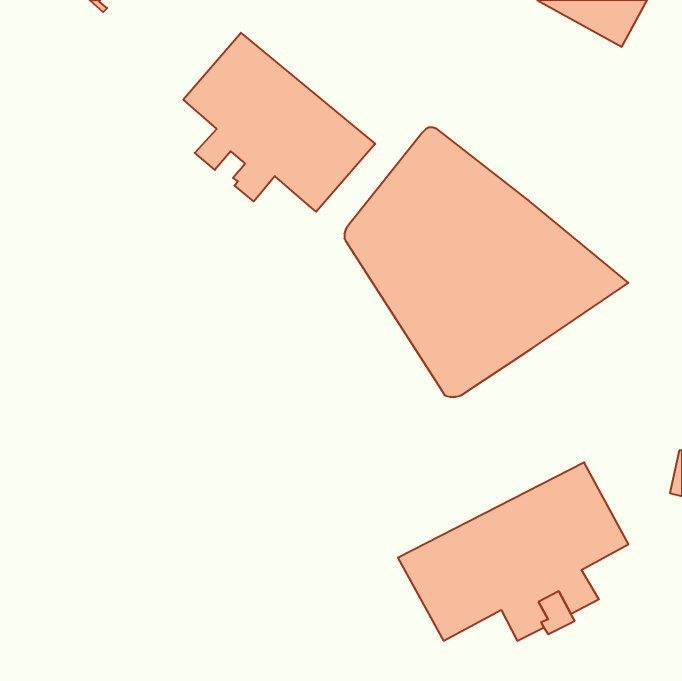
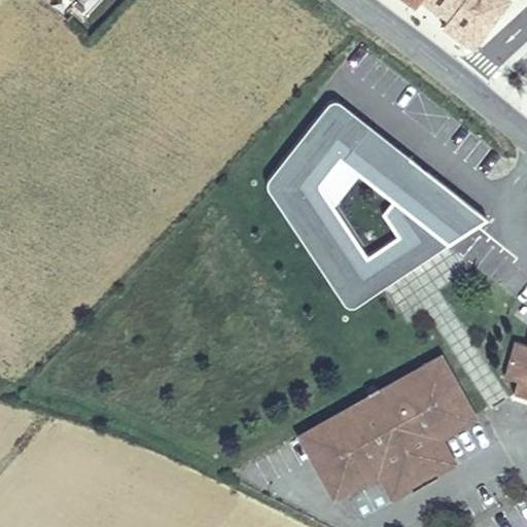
building: [183,33,375,212] -> none

